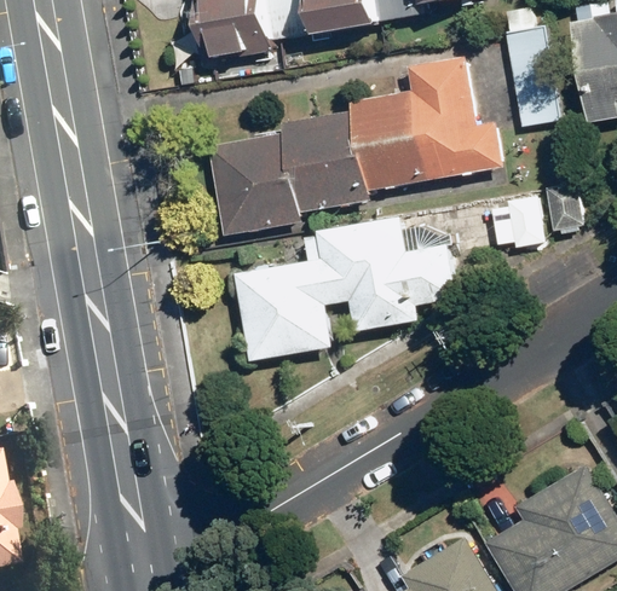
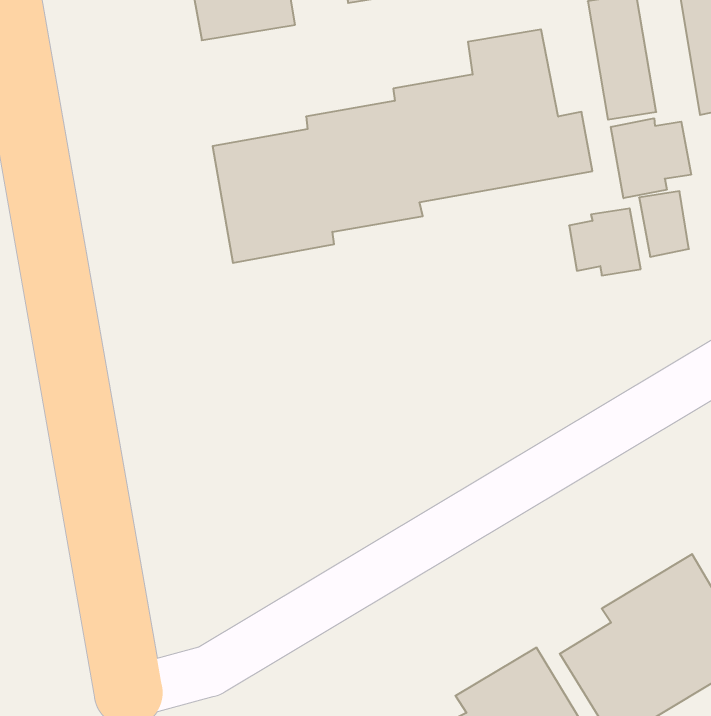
building: none -> [611,118,691,198]
building: [238,215,459,360] -> none

